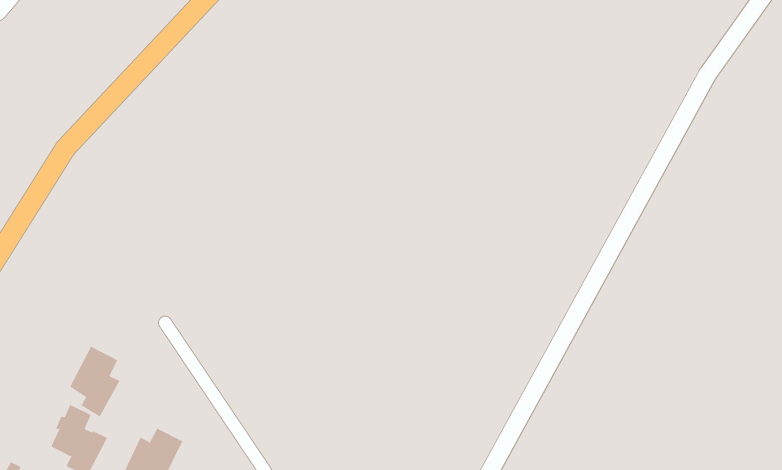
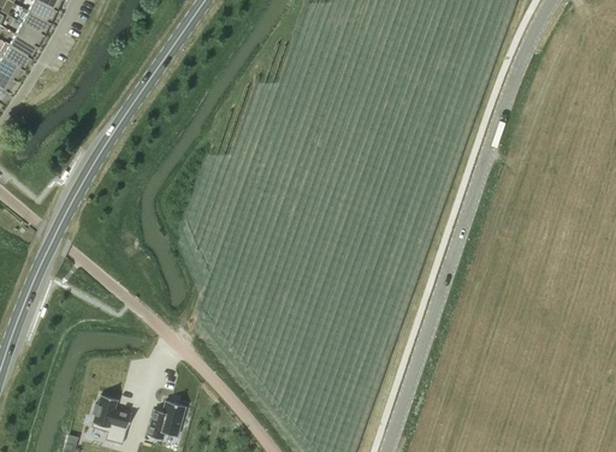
building: [69,346,120,417] -> none

